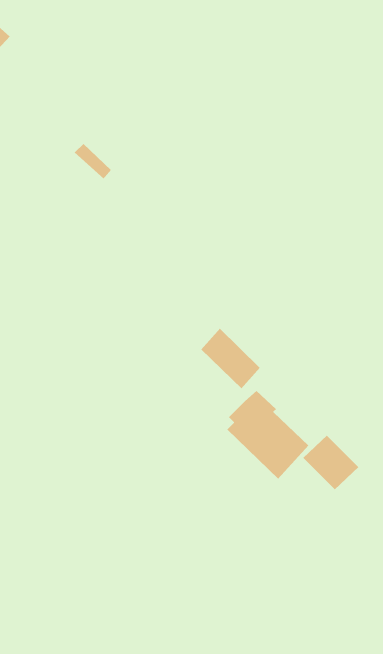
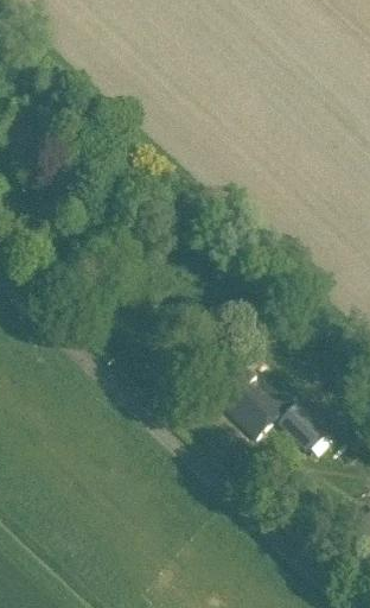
building: [201,328,261,389] -> none

